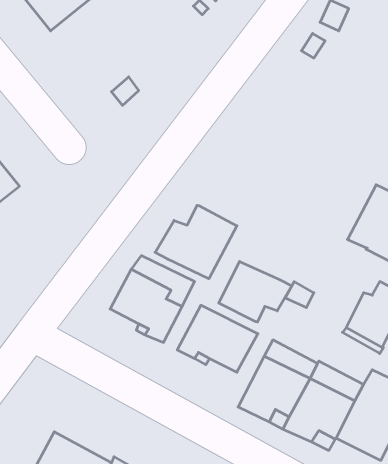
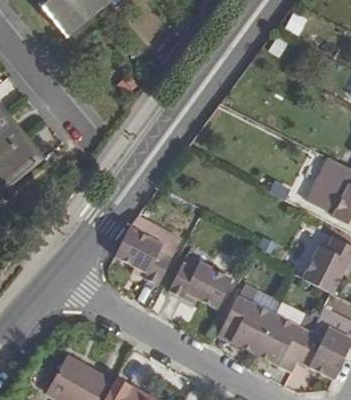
building: [155,205,237,279] -> none
building: [219,261,292,322] -> none

